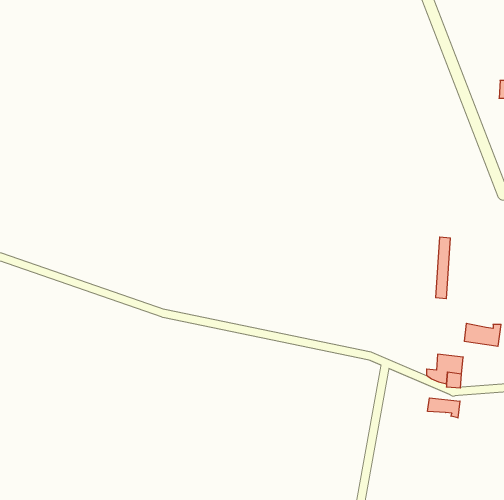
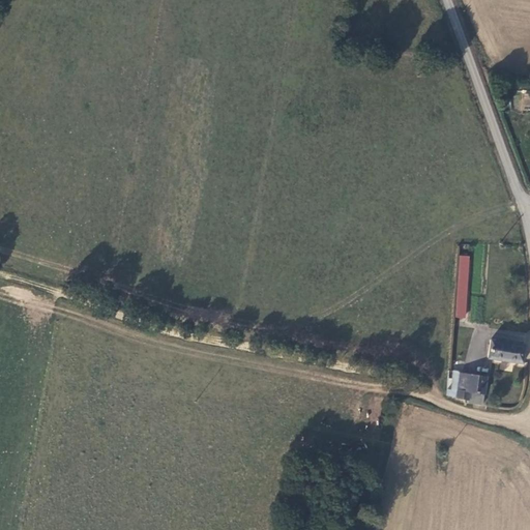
building: [428,398,460,418] -> none

